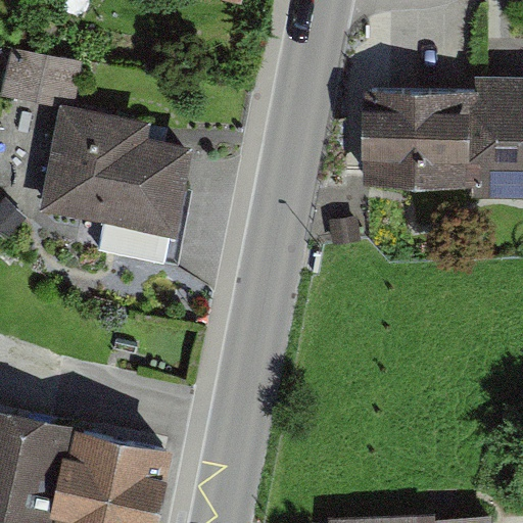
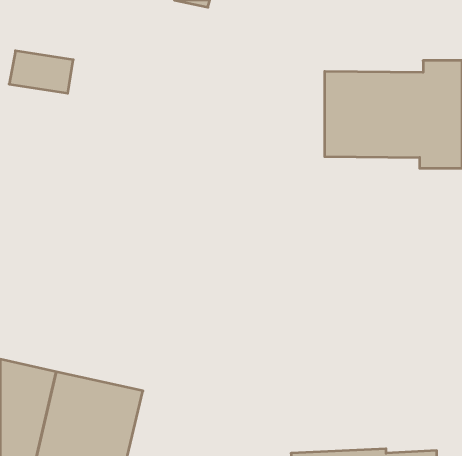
building: [41,115,187,253] -> none

